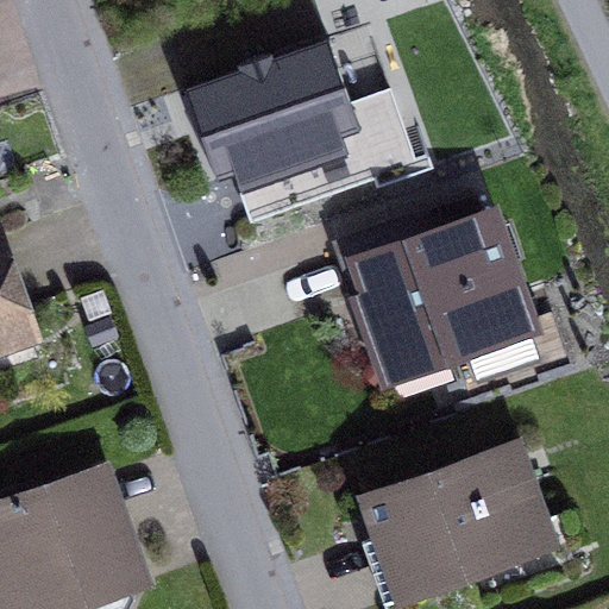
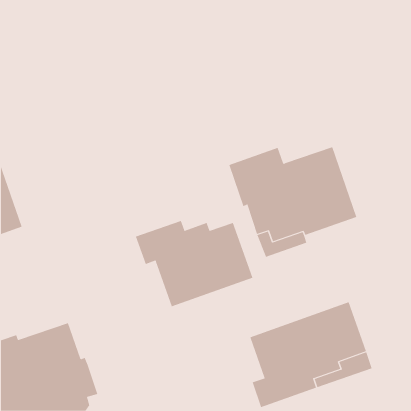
building: [187,40,420,214] -> none
building: none -> [135,220,253,307]

